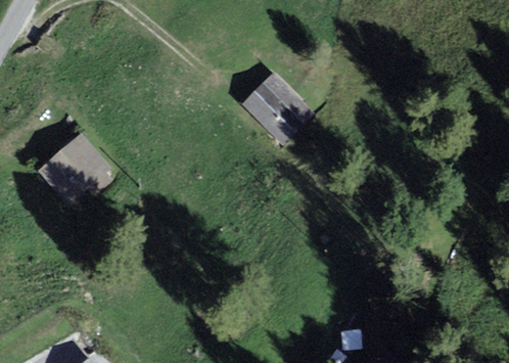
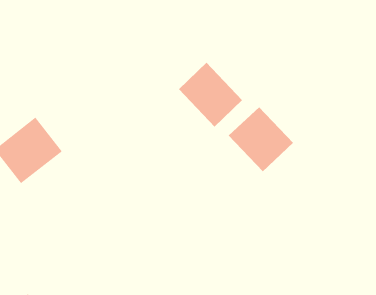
building: none -> [228,106,294,172]

